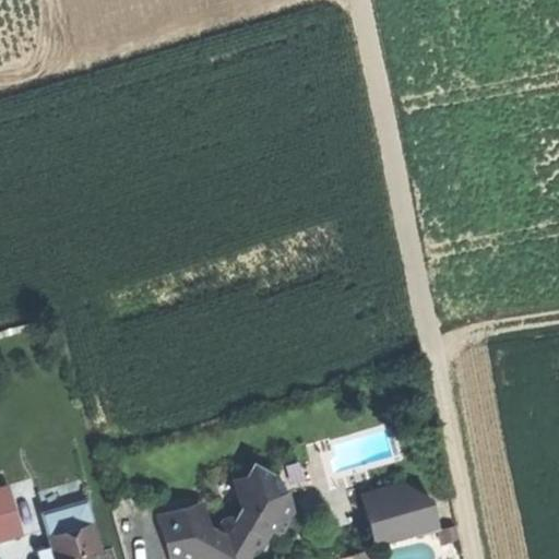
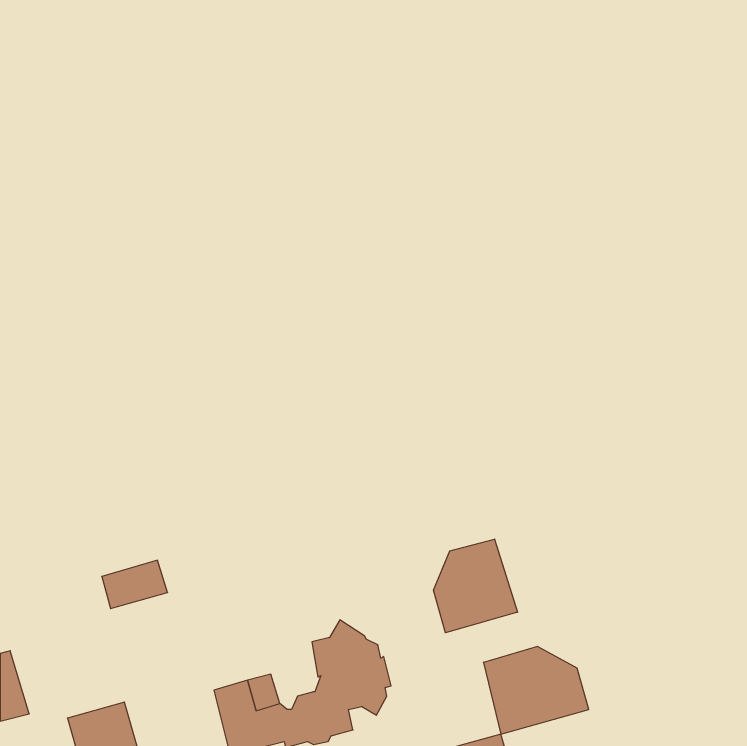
building: none -> [434,539,518,633]
building: [45,501,94,537] -> [102,560,168,609]

